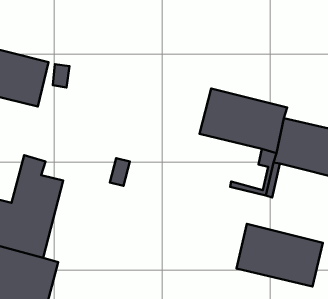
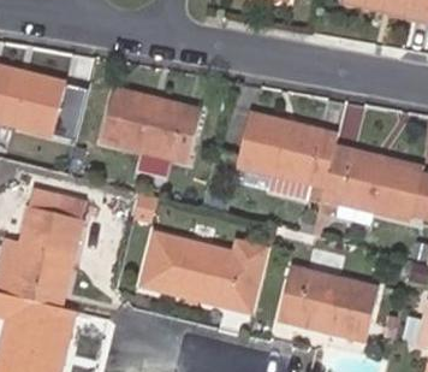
building: none -> [101,88,201,161]
building: none -> [139,234,272,313]

